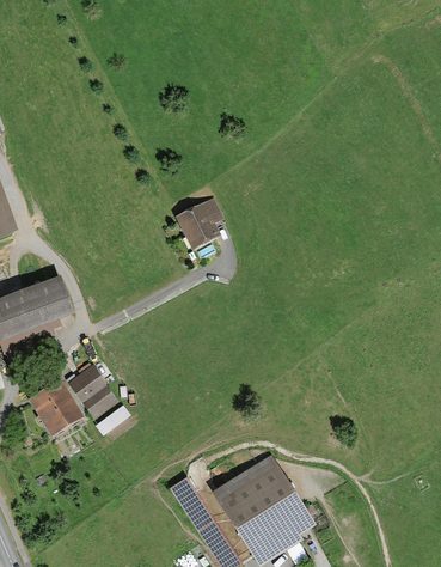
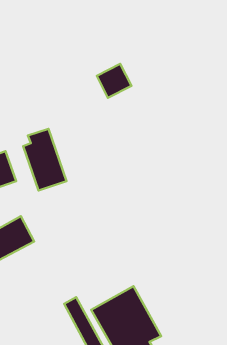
building: [179,196,232,248] -> [97,64,131,98]
building: none -> [23,129,67,191]

